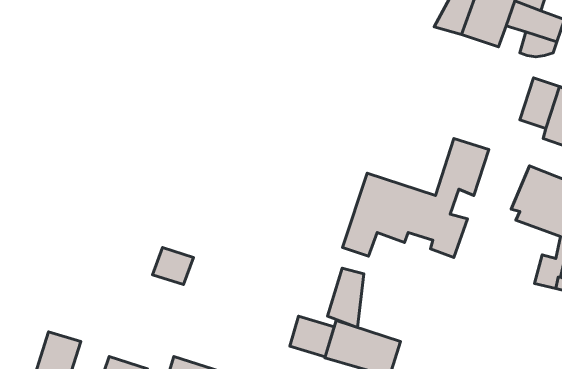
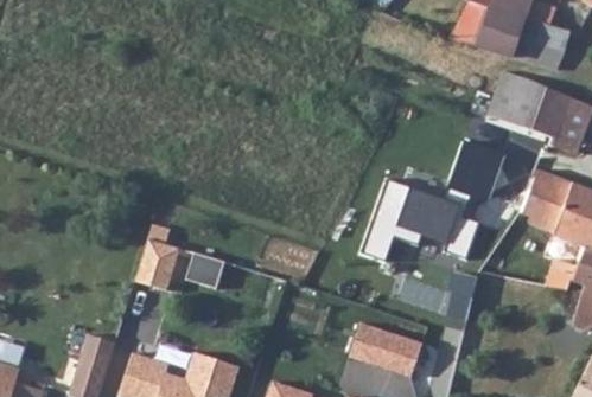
building: none -> [491,72,546,128]
building: none -> [128,235,177,290]
building: [328,268,364,328] -> none
building: [290,316,334,357] -> none

